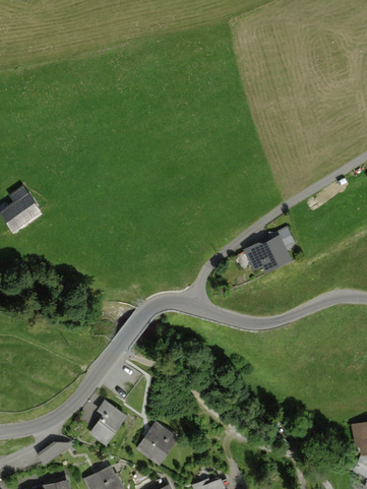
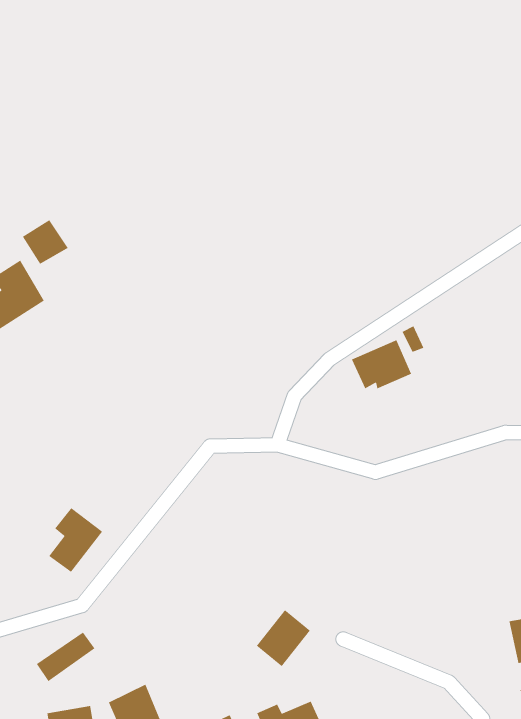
building: none -> [22,219,69,265]
building: [88,399,125,442] -> [48,507,103,573]
building: [137,423,174,462] -> [256,609,311,667]

